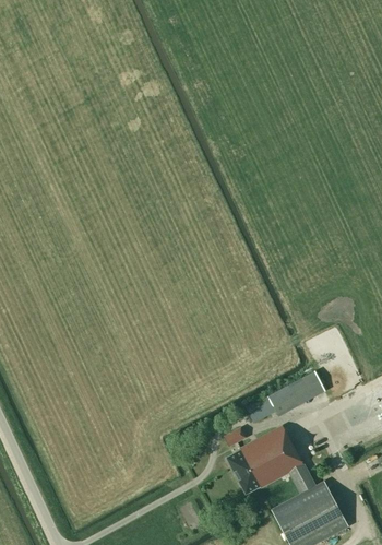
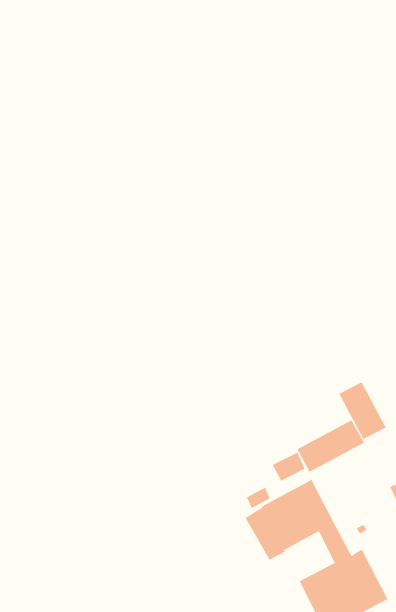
building: none -> [338,381,387,440]

